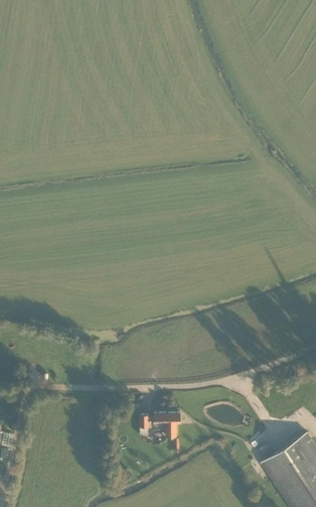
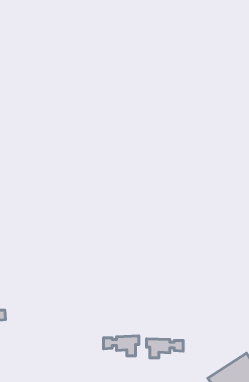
building: none -> [146,339,183,358]

